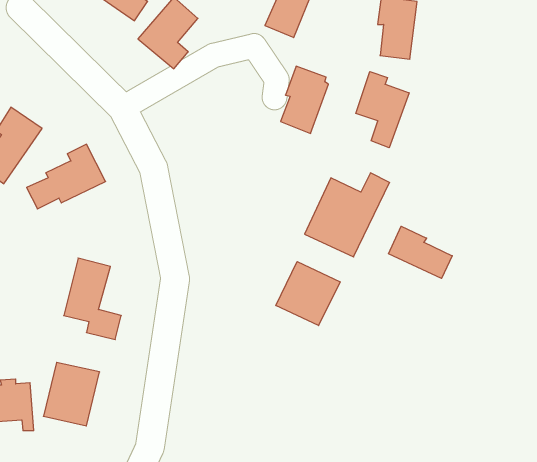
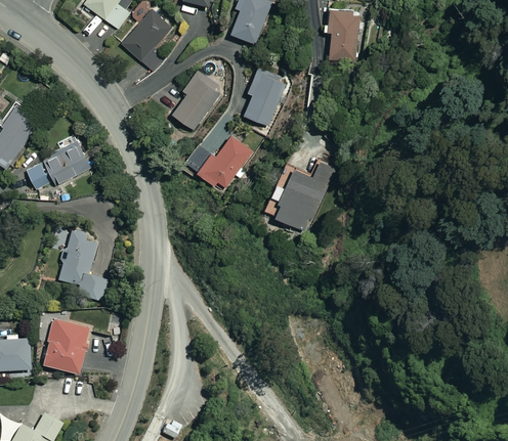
building: none -> [173,70,224,129]
building: [356,72,409,148] -> none
building: none -> [198,134,254,187]
building: [389,226,452,278] -> none
building: [276,262,340,326] -> none

